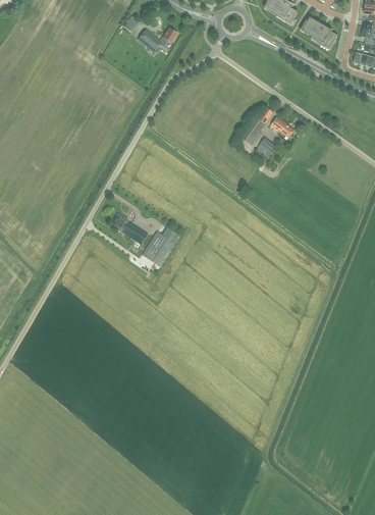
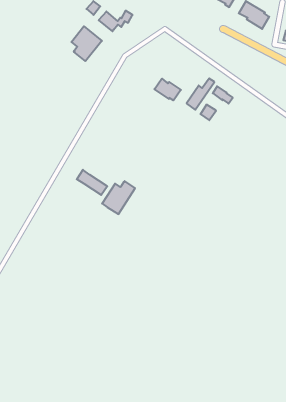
building: none -> [71,26,102,61]
building: none -> [154,79,181,100]

